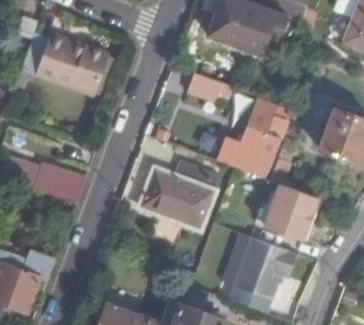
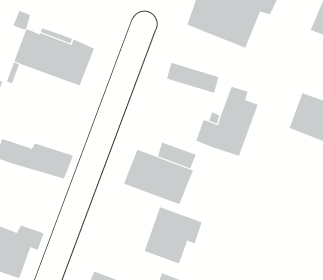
building: [264,181,317,238] -> none
building: [231,235,295,298] -> [144,207,202,264]

